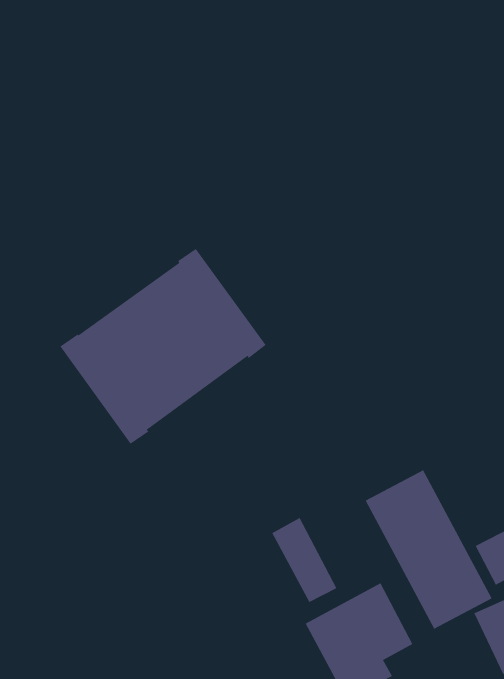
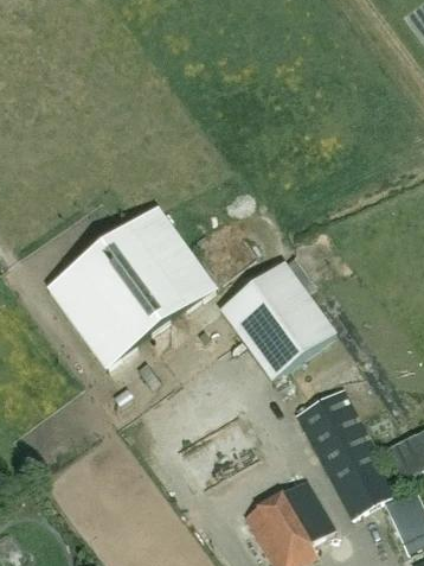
building: none -> [219,261,335,379]
building: [271,517,337,603] -> none

